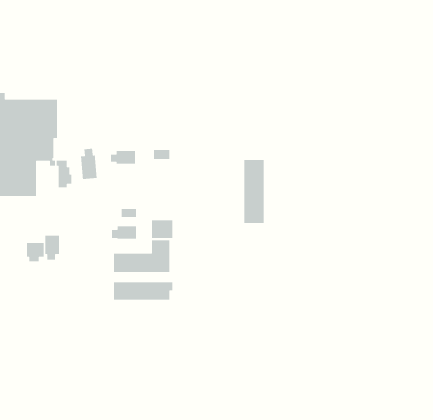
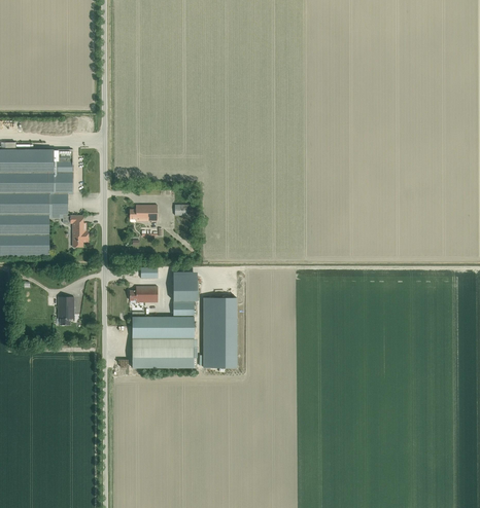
building: [80,148,98,180] -> none
building: [244,159,265,224] -> [212,297,235,367]
building: [26,242,45,262] -> none

